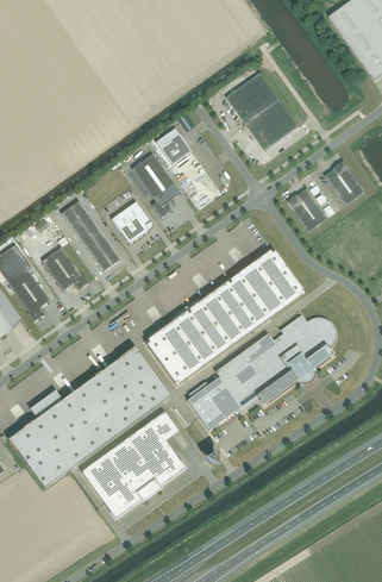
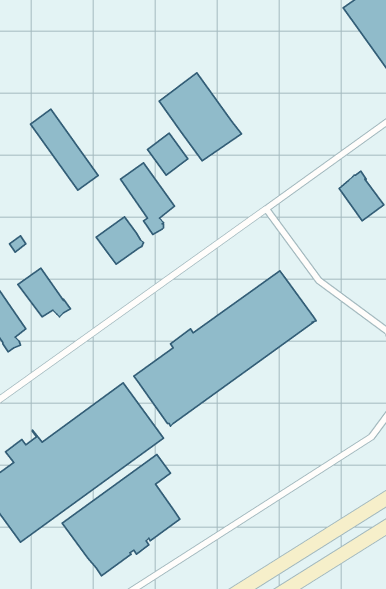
building: [226,71,299,149] -> [159,73,241,161]
building: [287,187,328,230] -> none
building: [61,199,120,270] -> [31,109,98,190]
building: [187,313,336,428] -> none

